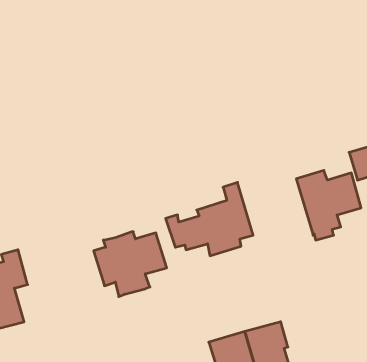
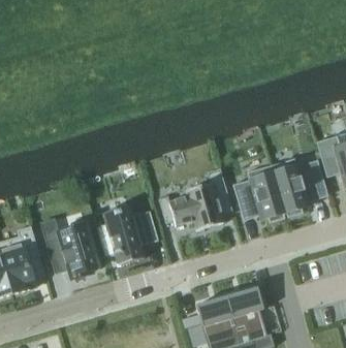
building: none -> [232,164,285,222]
building: none -> [40,218,100,279]

